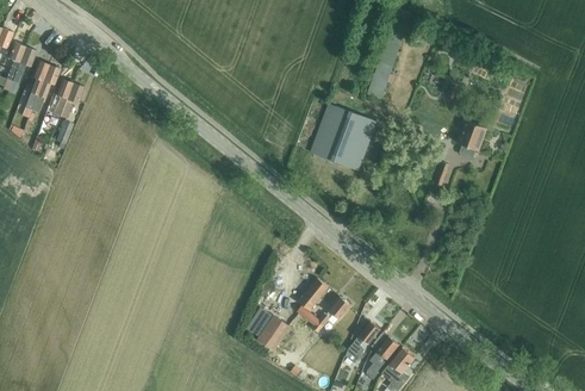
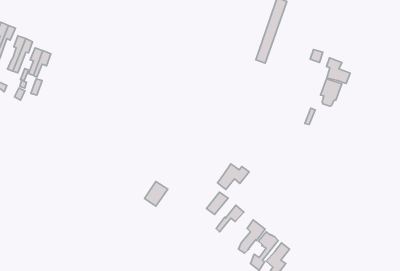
building: none -> [327,58,350,84]
building: [315,106,373,169] -> none
building: none -> [217,164,249,190]
building: [256,316,288,350] -> [145,181,168,206]

